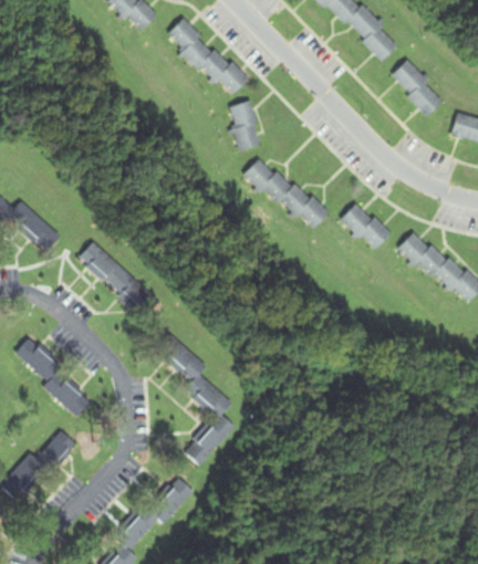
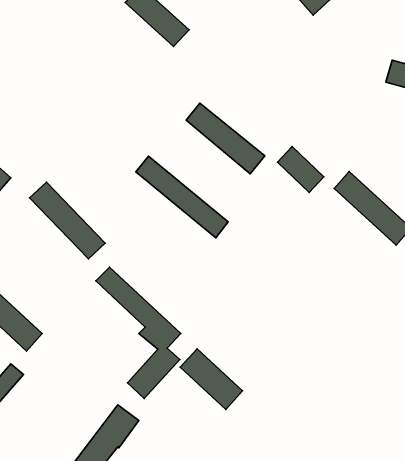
building: [388,61,441,114] -> none
building: [225,100,262,149] -> none
building: none -> [136,156,228,238]
building: none -> [180,349,243,409]

